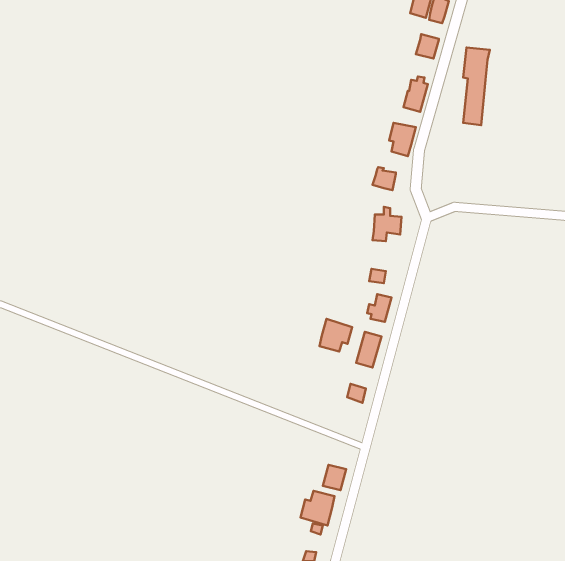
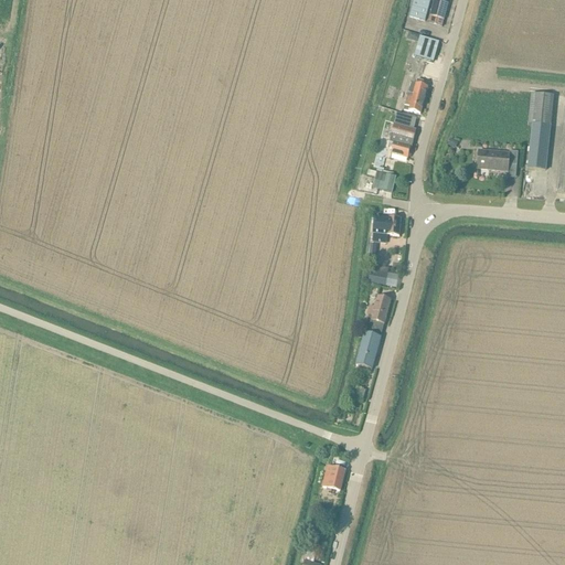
building: [463,48,490,125] -> [527,90,554,168]
building: none -> [478,148,518,169]
building: [319,319,352,351] -> none
building: [300,491,335,526] -> none

